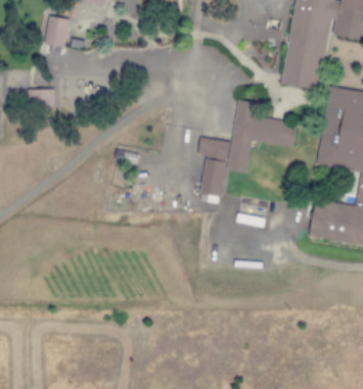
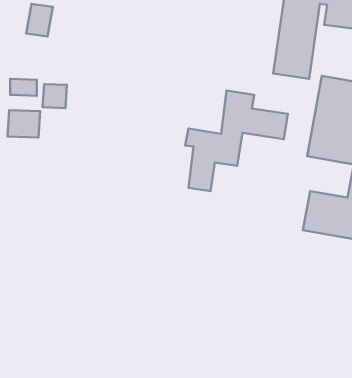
building: none -> [43,84,67,108]
building: none -> [8,110,40,138]

